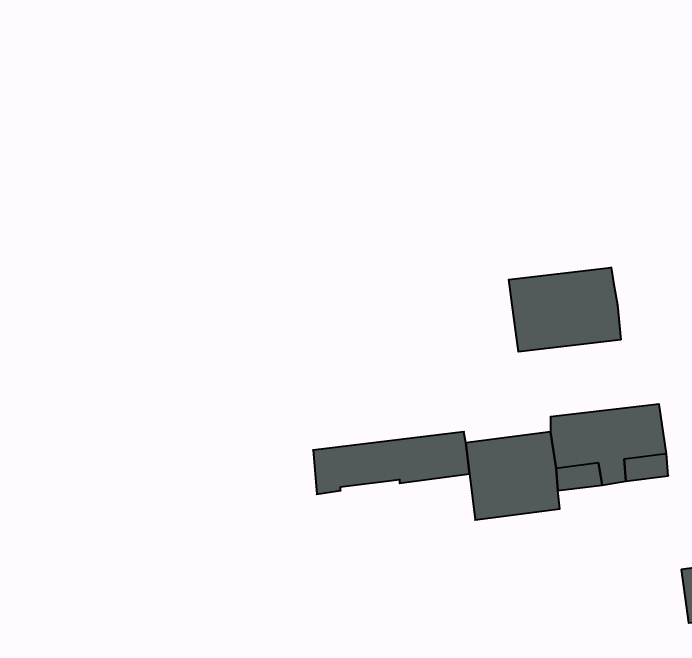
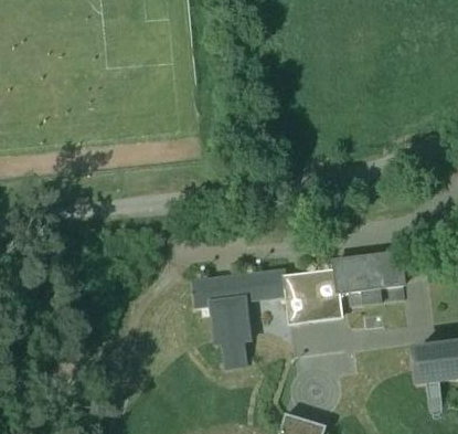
building: [509,267,621,352] -> none
building: none -> [209,297,248,368]

